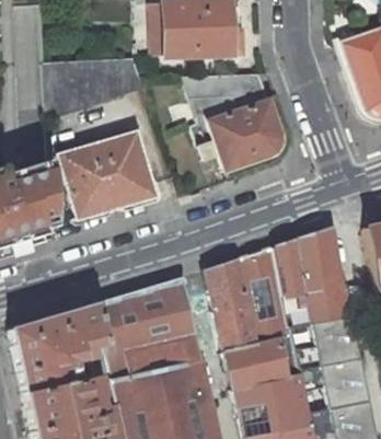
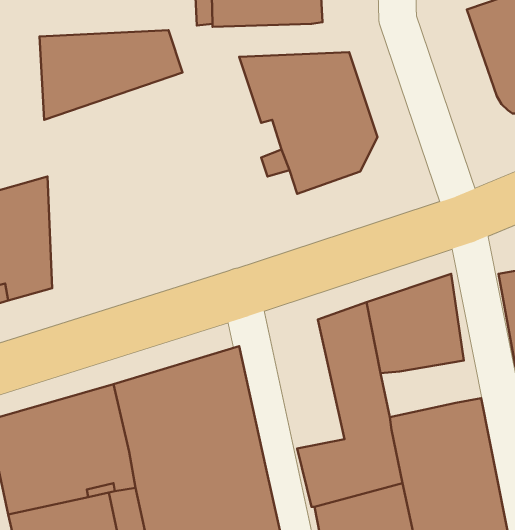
building: [59,132,155,218] -> none
building: [206,259,257,349] -> none
building: [282,296,335,327] -> none

